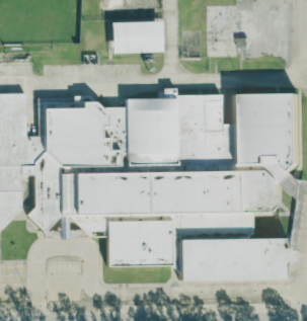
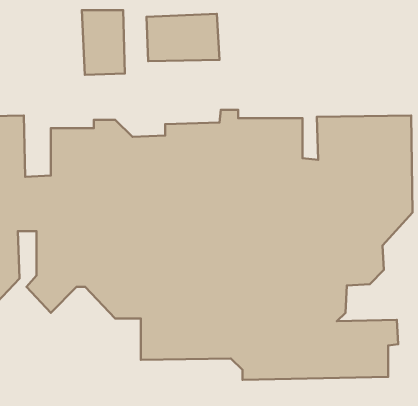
building: none -> [82,10,125,75]

